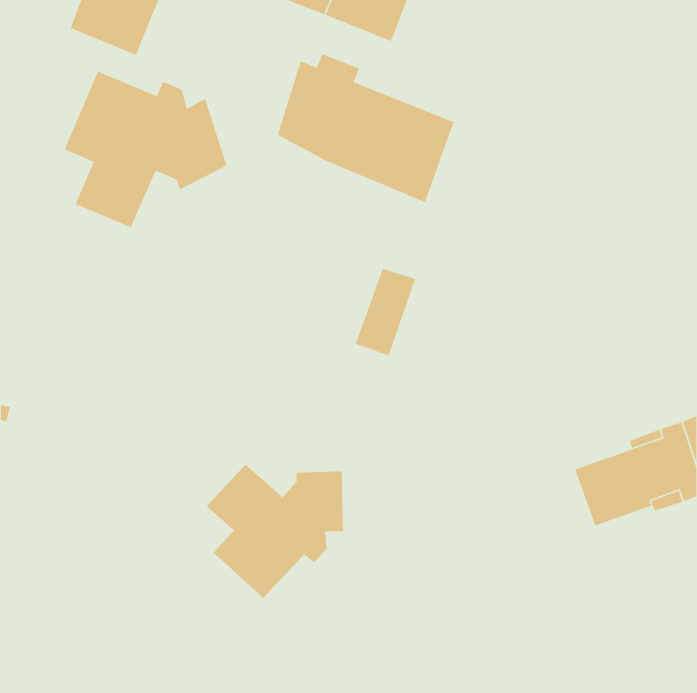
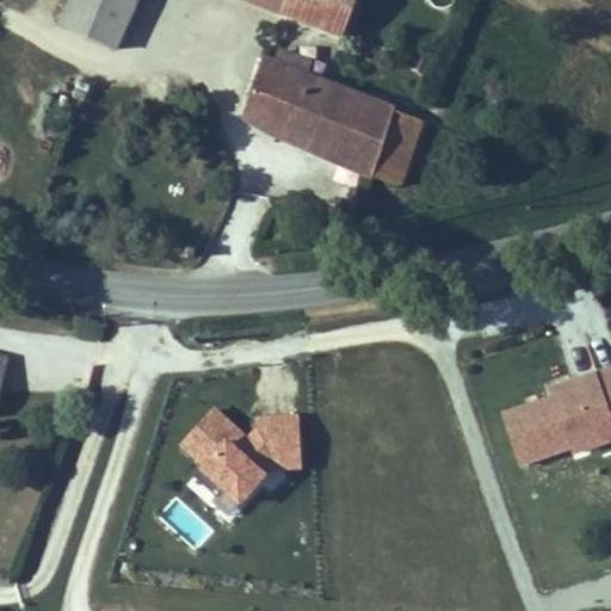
building: [64,71,228,228] -> none
building: [355,268,416,356] -> [372,111,426,189]

